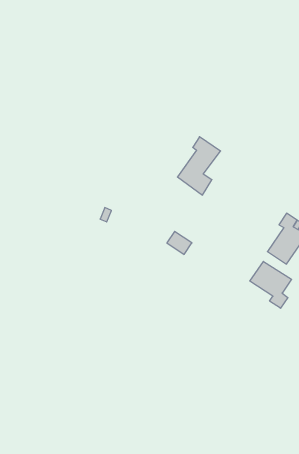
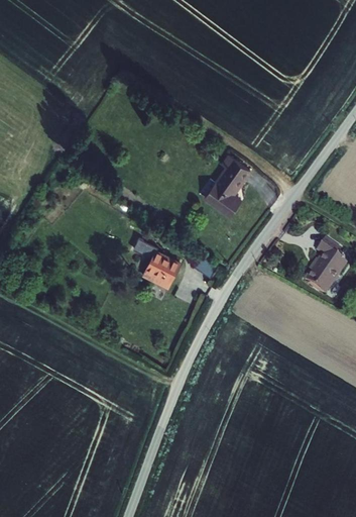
building: none -> [146,253,182,287]
building: [250,261,292,308] -> none

